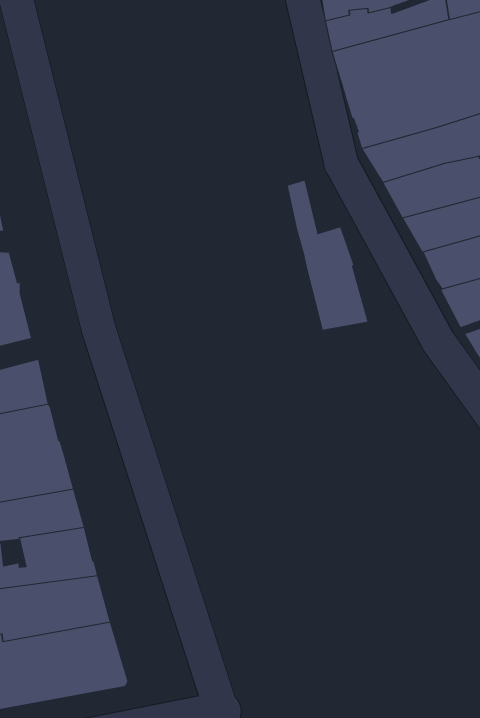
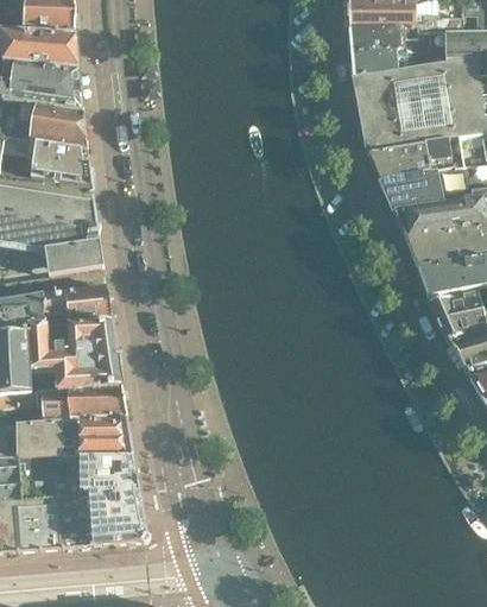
building: [287,180,368,330] -> none

